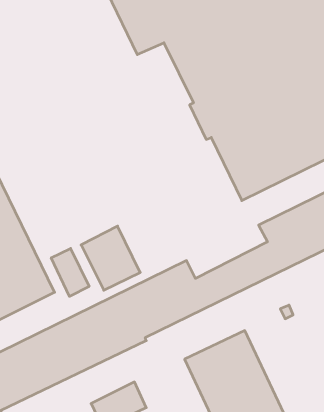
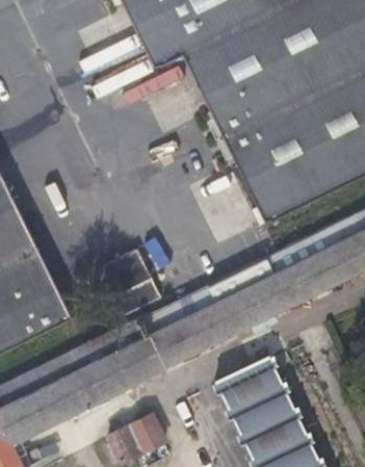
building: [51,248,89,296] -> none

